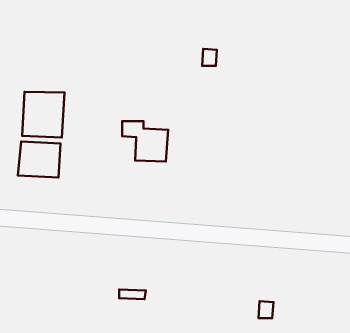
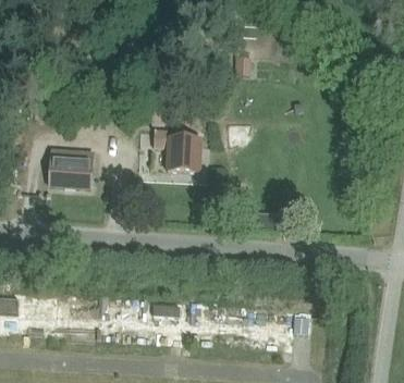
building: [22,92,64,138] -> none

